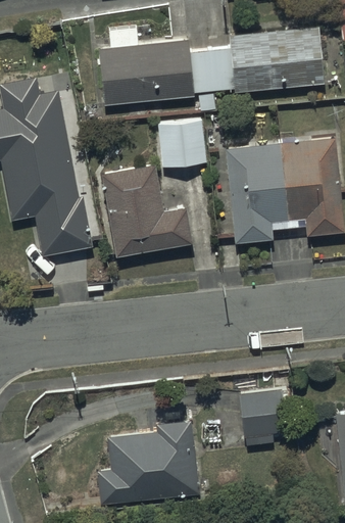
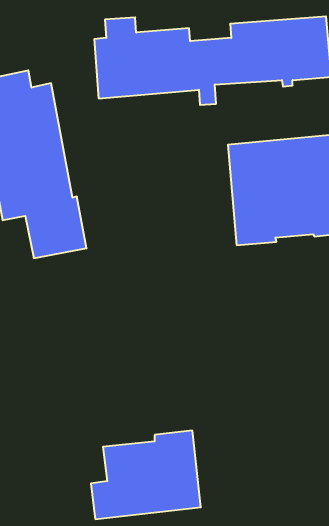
building: [157,118,207,168] -> none
building: [101,165,193,256] -> none
building: [243,390,292,447] -> none

